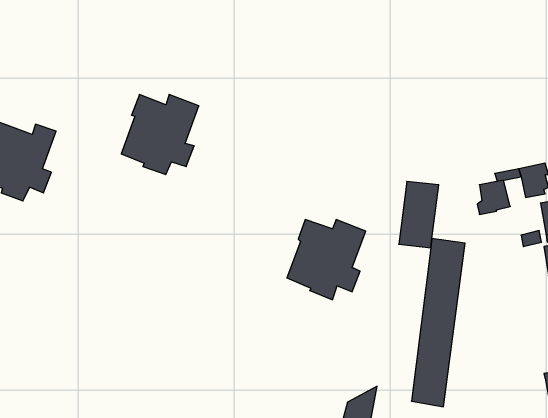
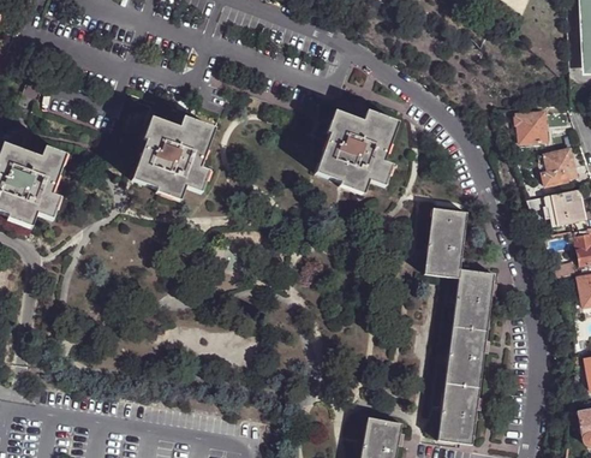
building: none -> [515,112,545,143]
building: [477,180,510,214] -> [541,149,575,185]
building: [287,220,366,300] -> [315,111,398,195]

